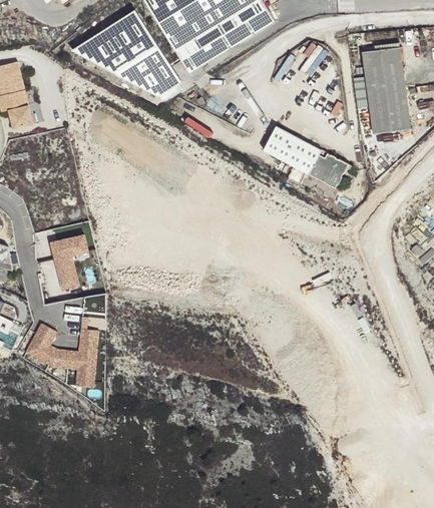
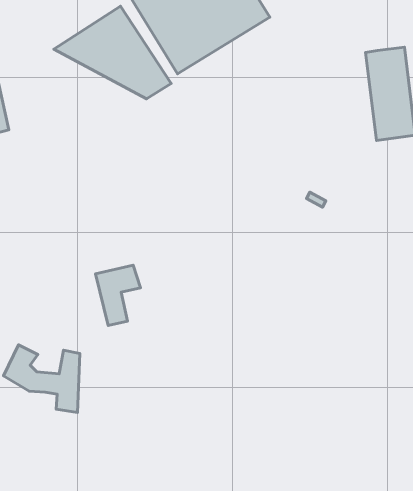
building: [263,126,348,187] -> none
building: [49,235,91,292] -> [95,265,141,325]

